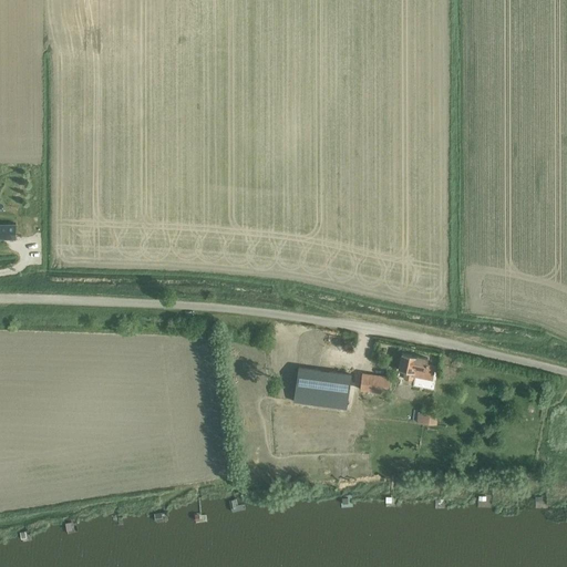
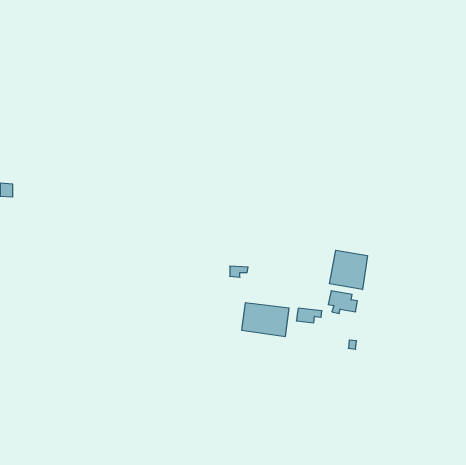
building: none -> [330,250,367,290]

